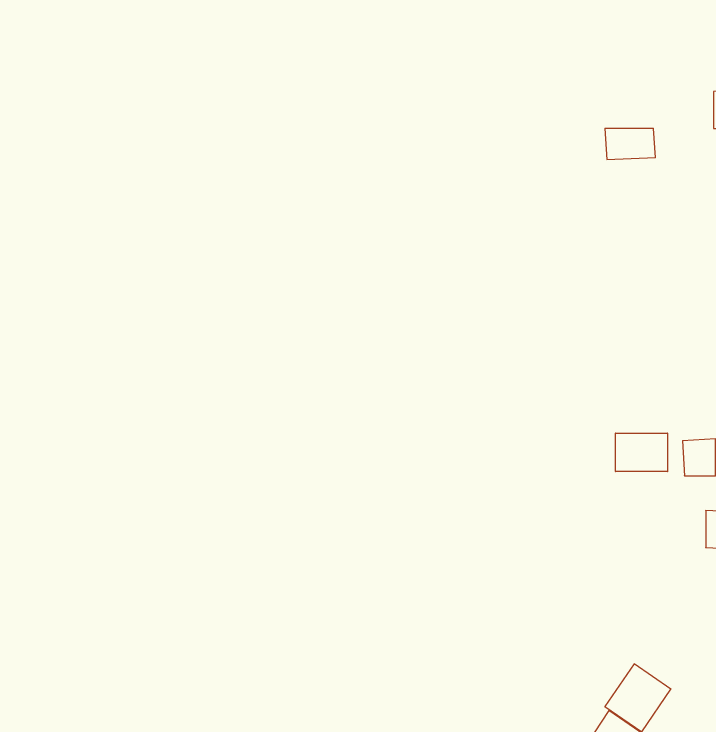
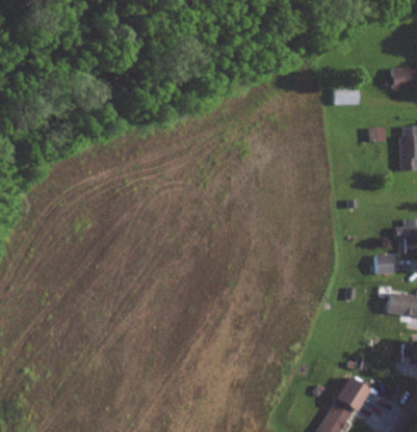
building: [616,433,668,472] -> none

